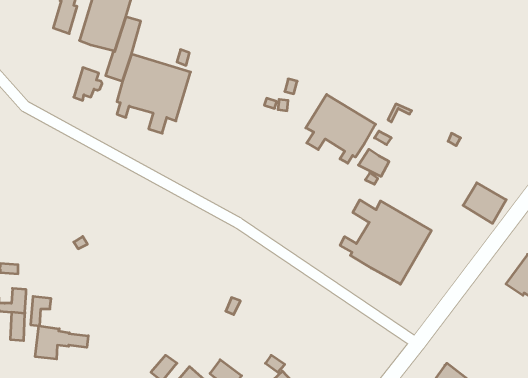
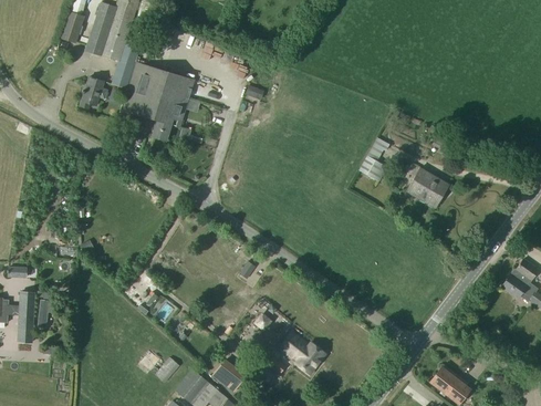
building: [306,94,376,163] -> none
building: [463,183,506,223] -> [406,169,448,209]
building: [340,200,431,284] -> none
building: [35,326,88,359] -> none
building: none -> [283,329,327,372]

